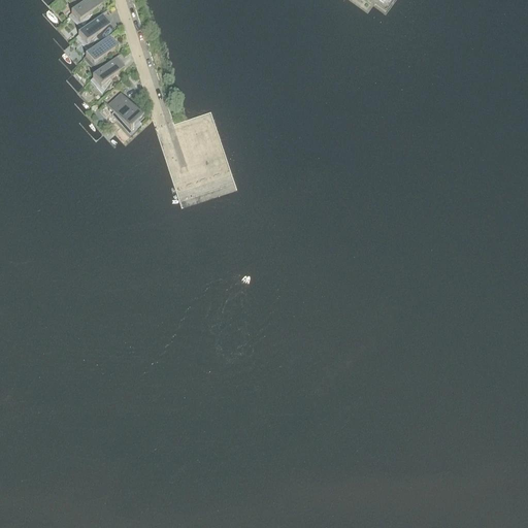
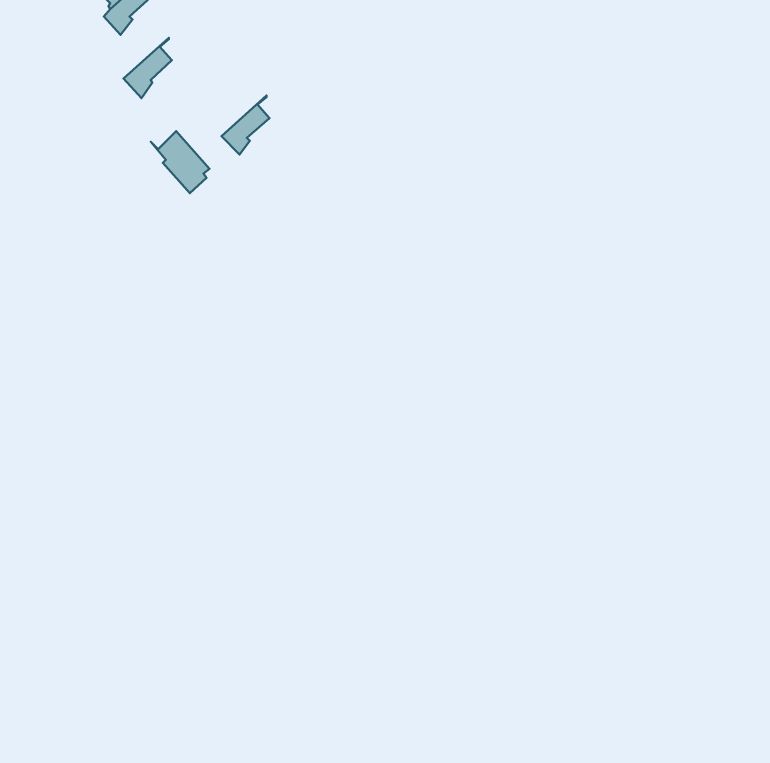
building: [78,5,110,45] -> none
building: [92,47,125,88] -> [221,96,270,154]

